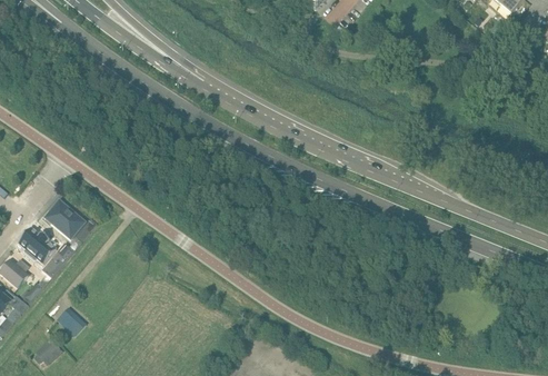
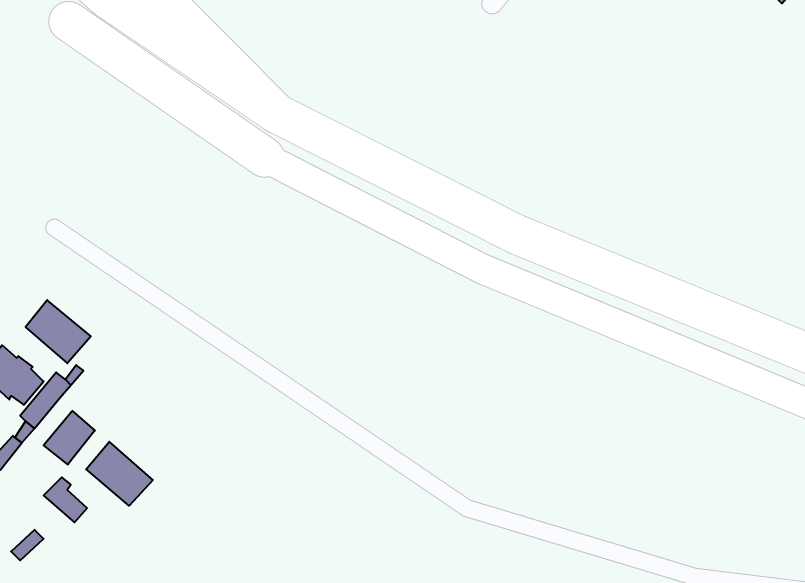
building: none -> [44,411,95,465]
building: none -> [86,442,153,506]

